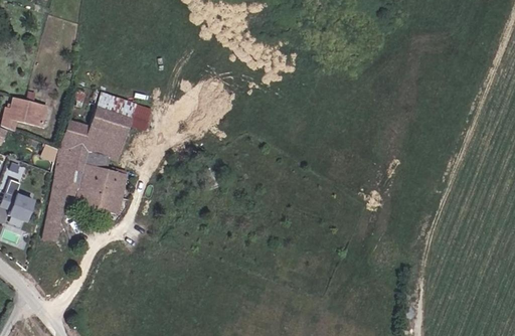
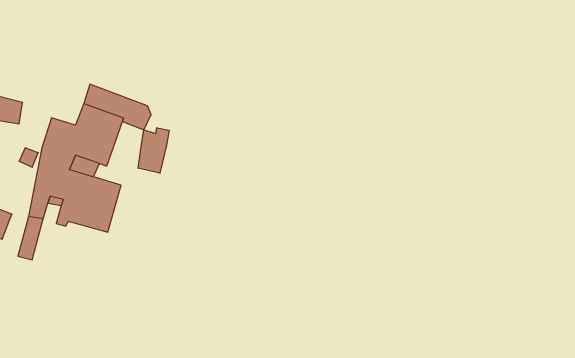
building: none -> [138,128,169,173]

